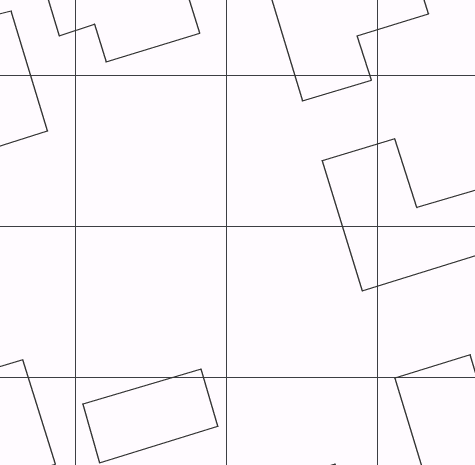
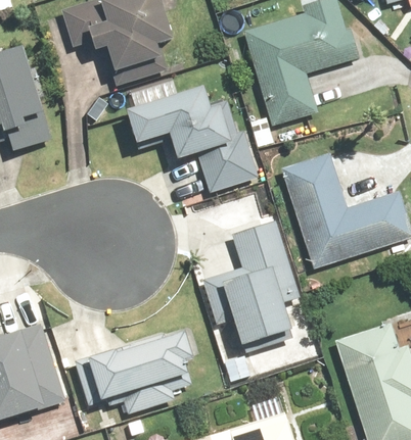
building: none -> [126,83,256,195]
building: none -> [199,221,308,359]

